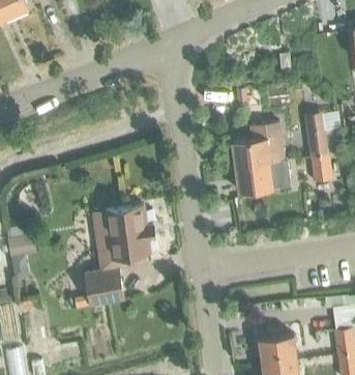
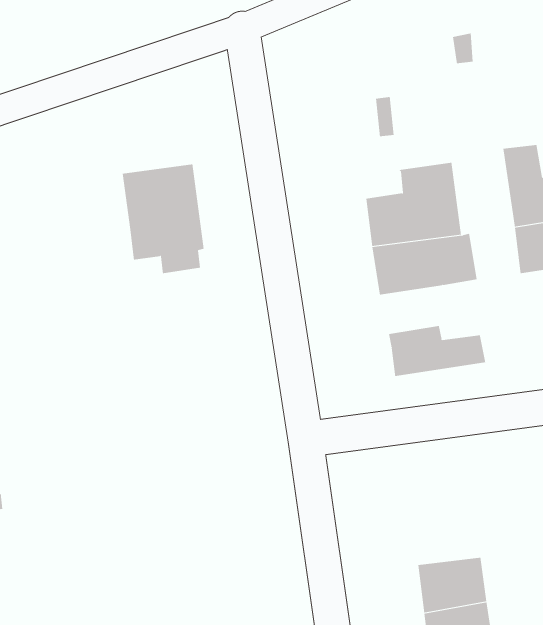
building: [103,208,148,267] -> [122,164,205,274]
building: none -> [388,325,486,377]
building: [75,268,121,310] -> none

